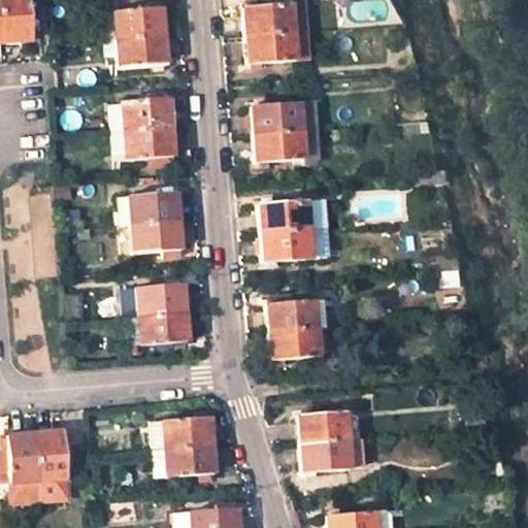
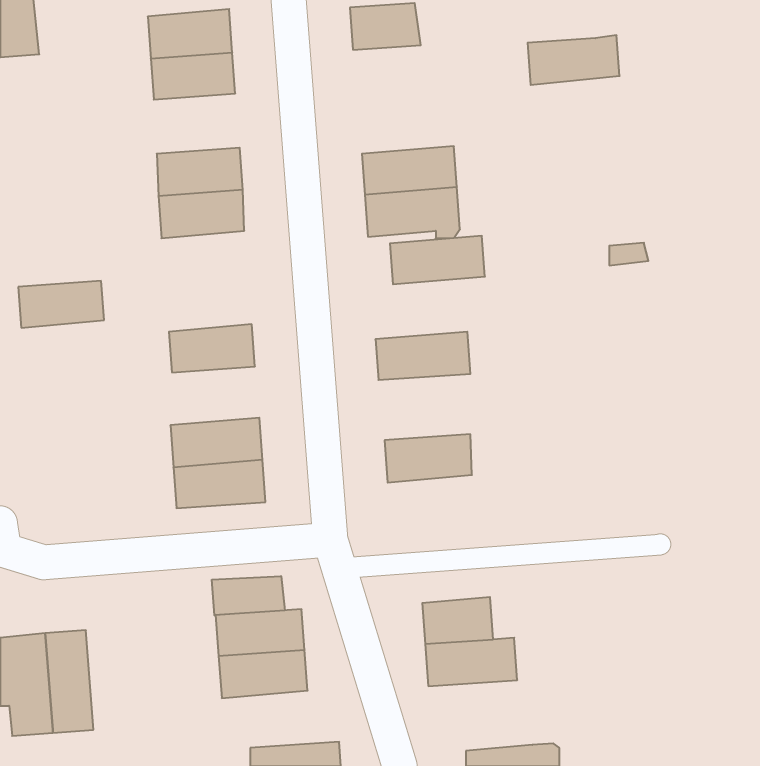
building: [249,29,311,63] -> [528,35,620,85]
building: [121,195,179,227] -> [18,281,104,328]
building: [262,199,327,232] -> [390,236,485,284]
building: [272,325,332,358] -> none
building: none -> [212,576,285,615]

